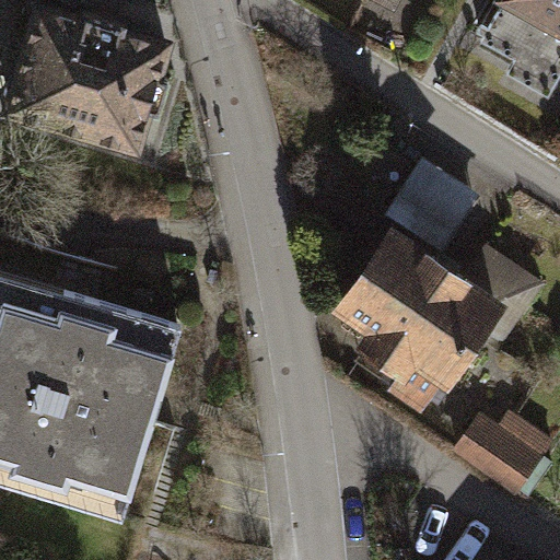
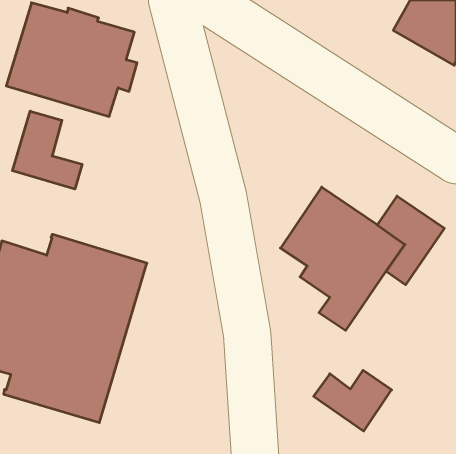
building: none -> [12,111,82,189]
building: [381,158,478,255] -> none
building: [456,419,551,493] -> [314,370,392,431]

